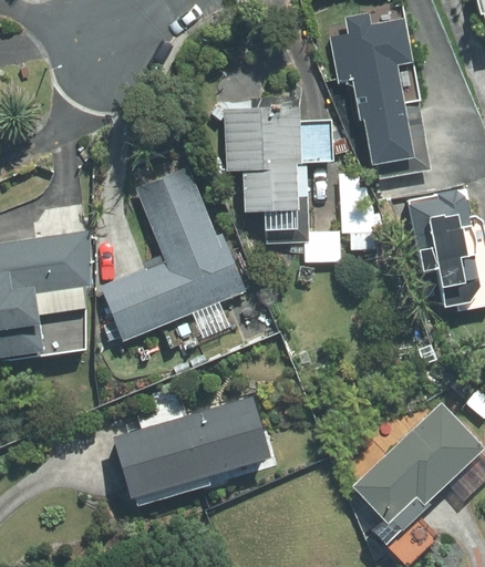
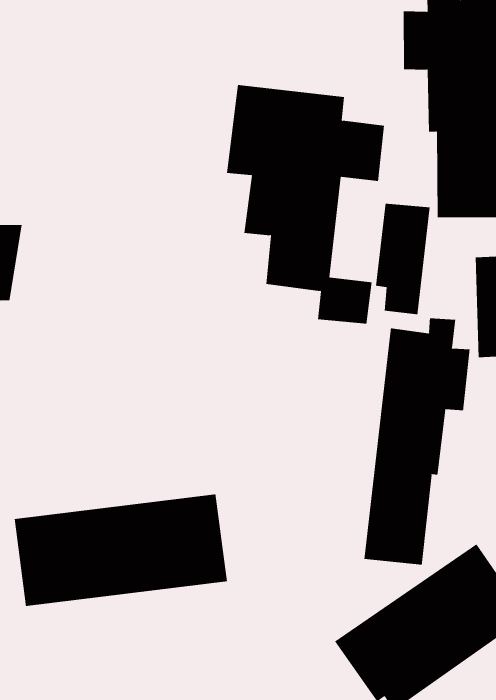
building: [100,167,246,341] -> none
building: none -> [364,318,470,565]

